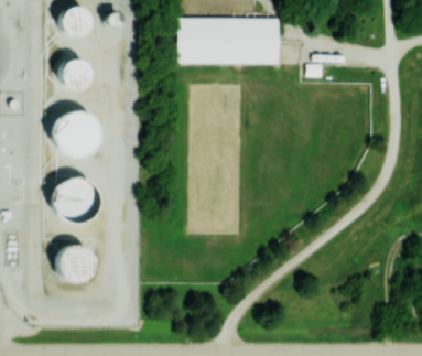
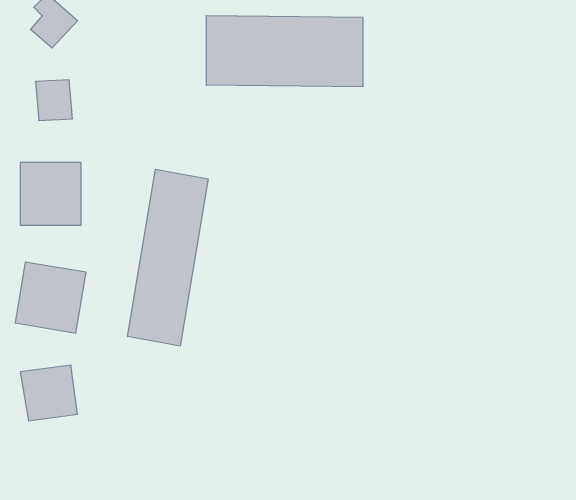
building: none -> [128,169,208,346]

